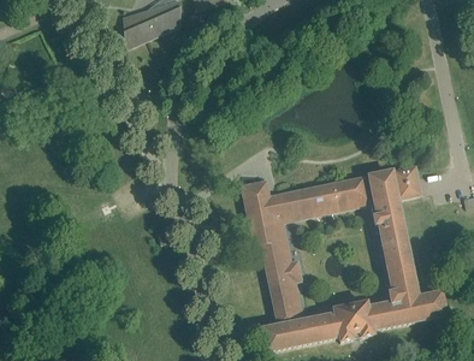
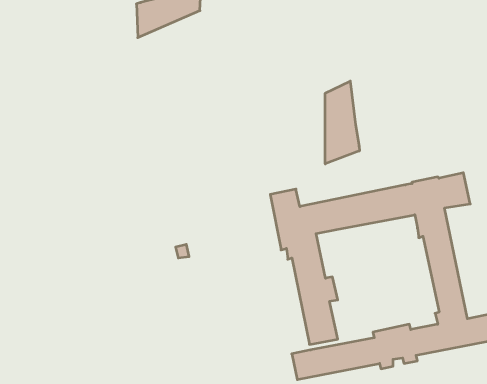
building: none -> [325,81,359,164]

